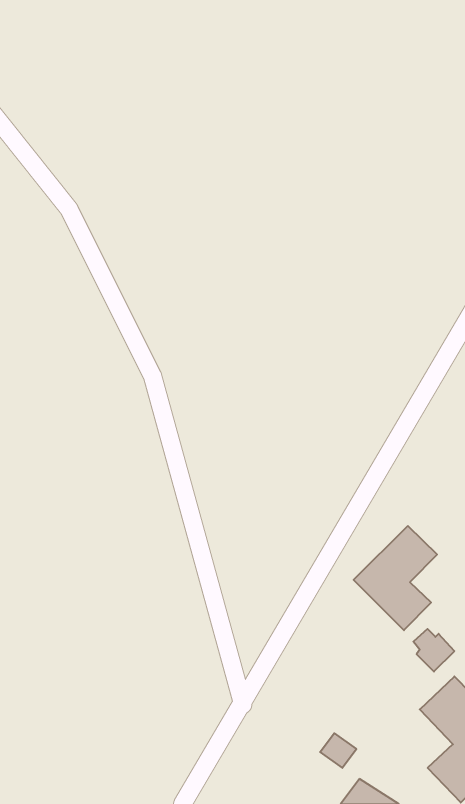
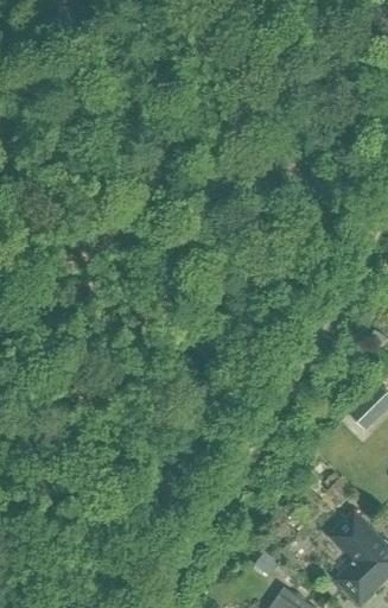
building: [354,526,437,630] -> none

